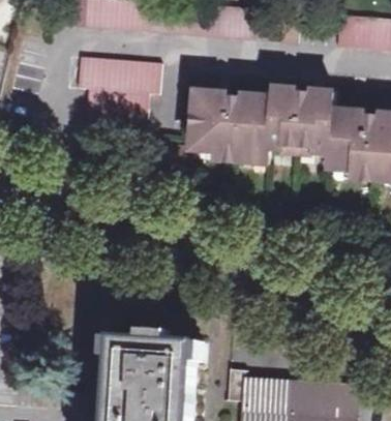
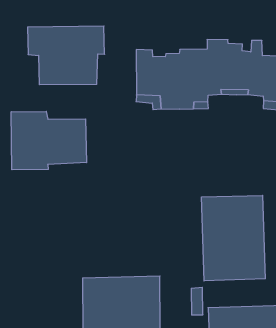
building: none -> [11,111,87,170]
building: none -> [202,195,265,281]

